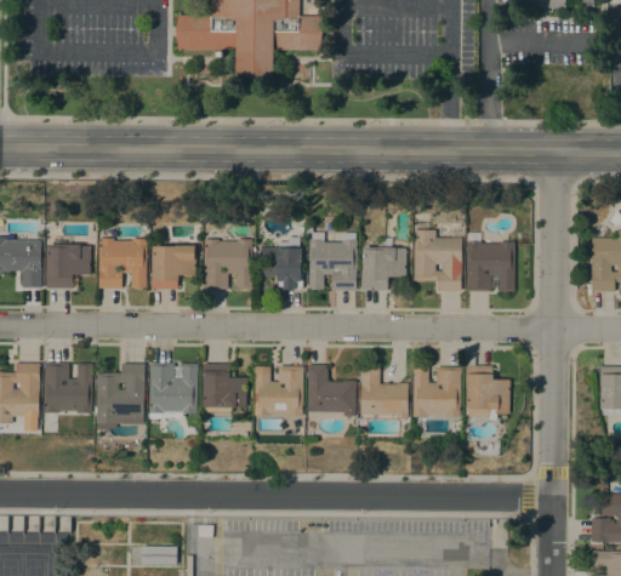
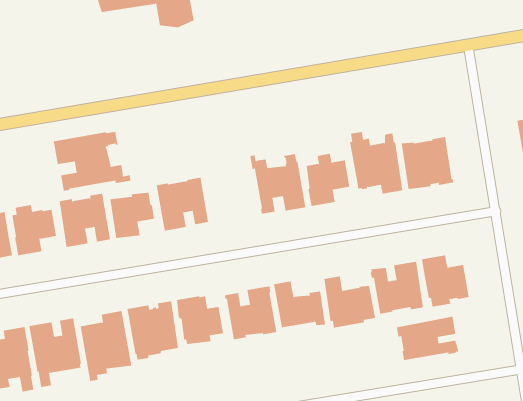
building: none -> [53,131,131,192]
building: [257,236,302,290] -> none
building: none -> [396,316,459,361]

